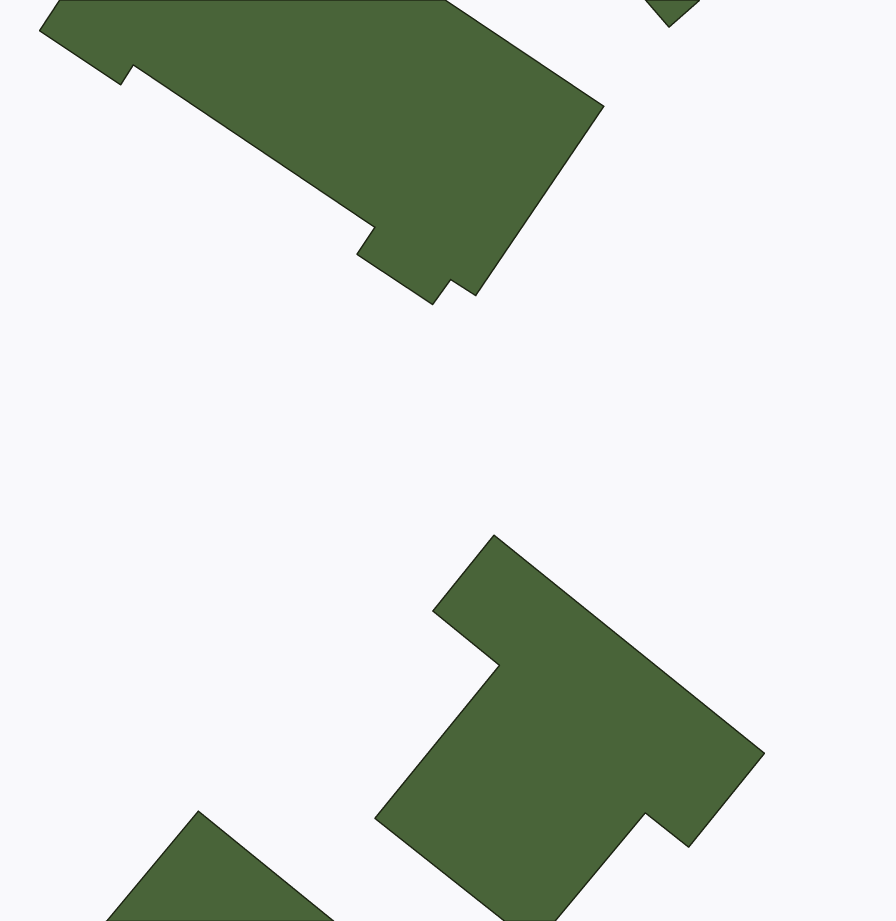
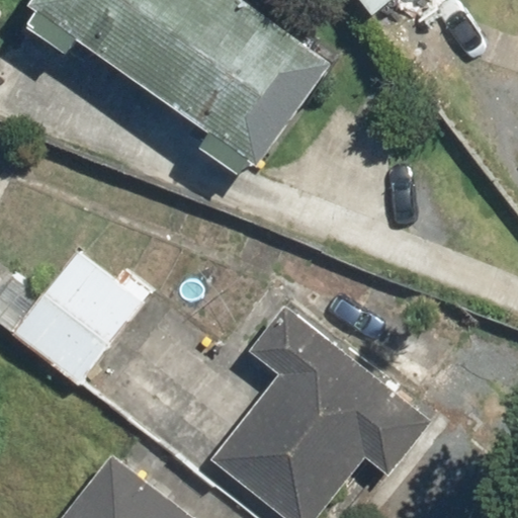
building: none -> [10,249,137,380]

